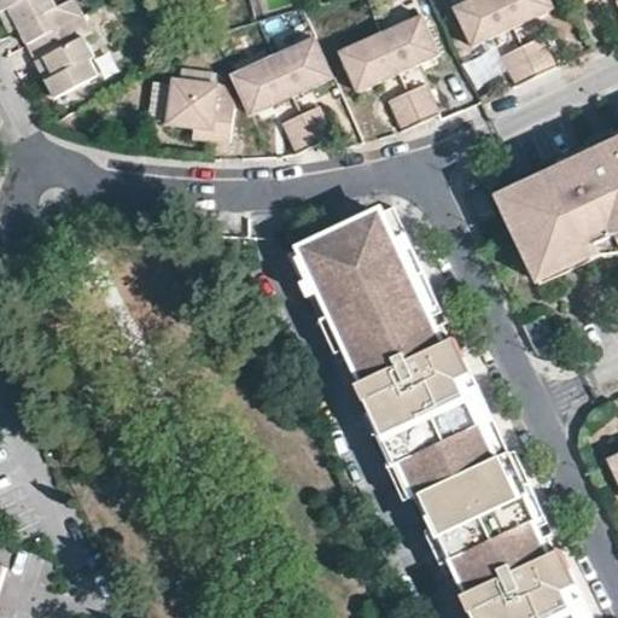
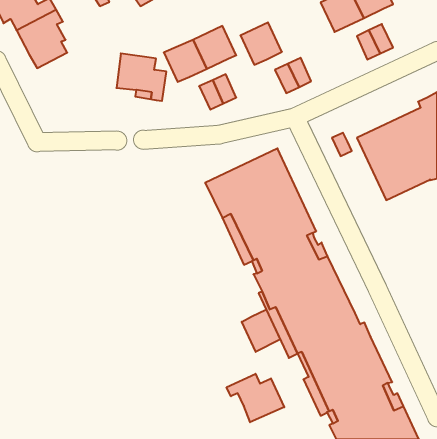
building: [375,11,438,72] -> none
building: none -> [242,309,280,352]
building: none -> [227,374,284,422]

